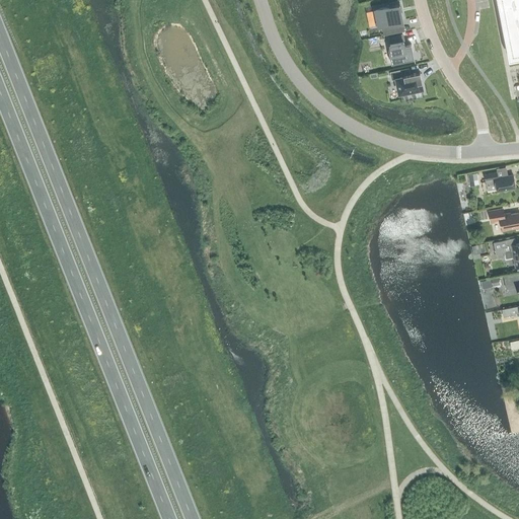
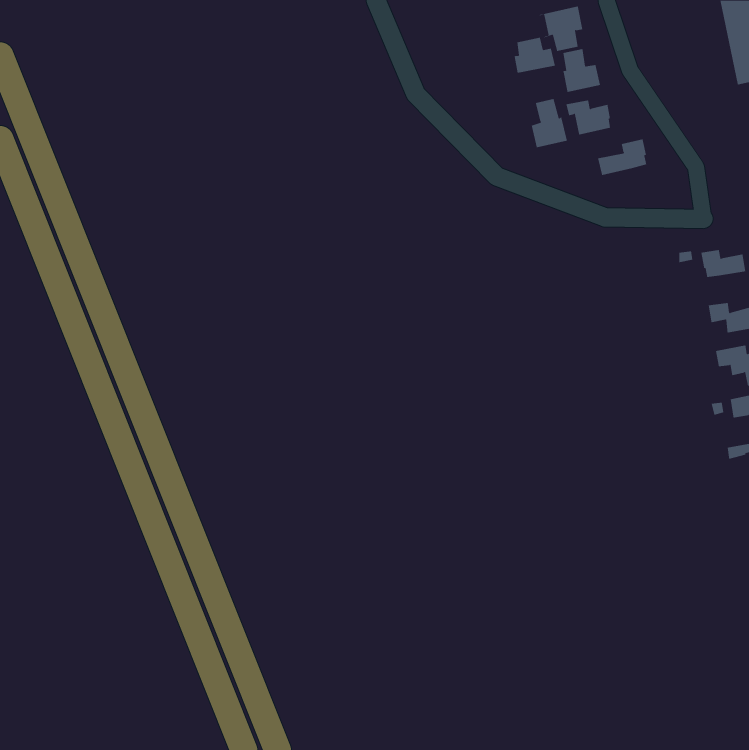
building: none -> [509,37,555,75]
building: none -> [531,98,568,148]
building: none -> [598,138,647,176]

